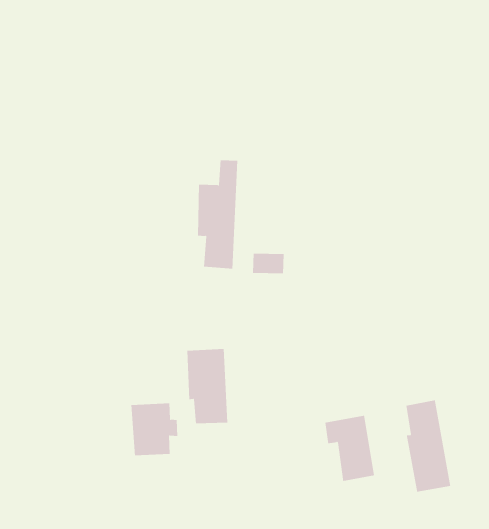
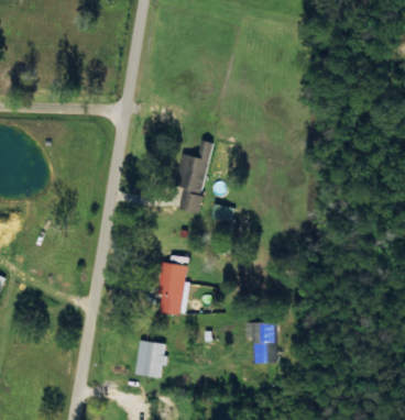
building: [406,400,451,493] -> none
building: [130,403,178,456] -> [136,341,168,377]

